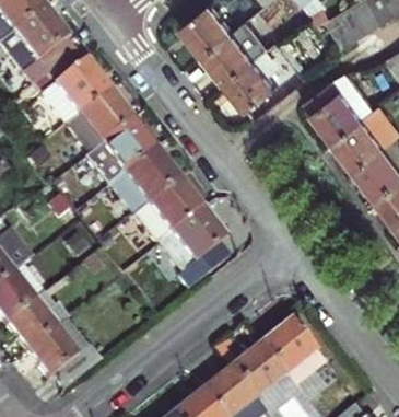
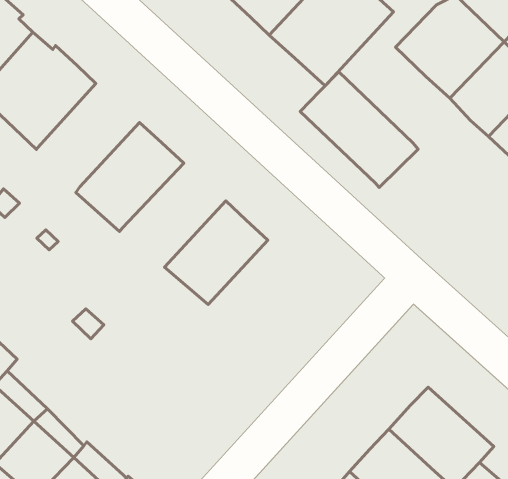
building: [67,89,134,153] -> none
building: none -> [300,72,418,188]
building: [113,149,181,213] -> none
building: [160,207,232,289] -> none

